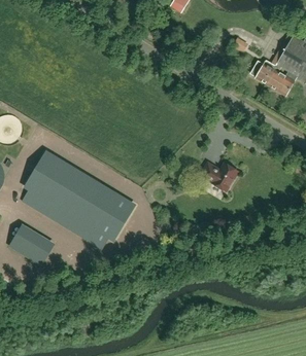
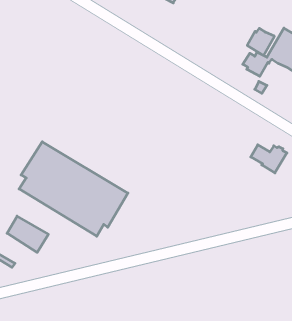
building: [269,67,297,95] -> [247,28,274,55]
building: [201,162,238,190] -> [251,145,287,173]

